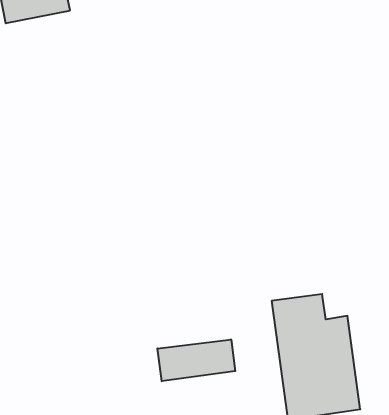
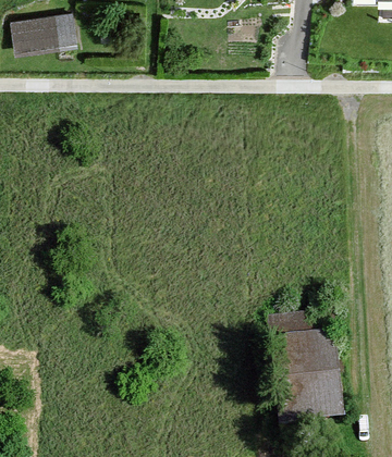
building: [157,339,235,381] -> none

